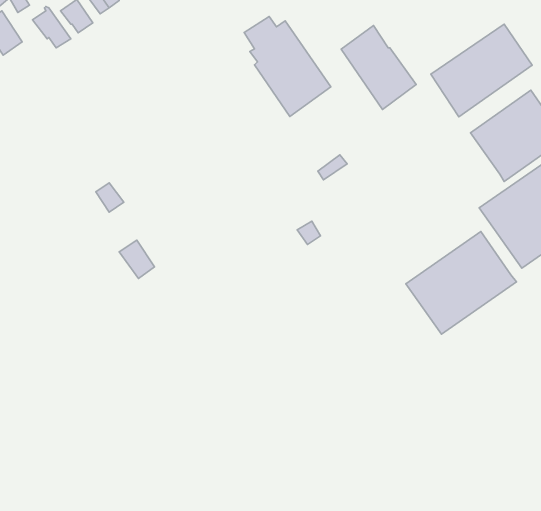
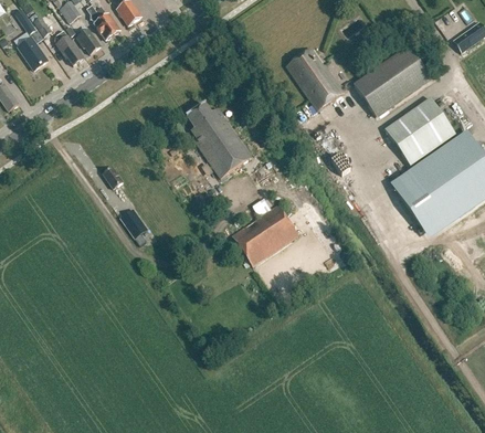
building: [244,16,331,116] -> [187,103,252,178]
building: [406,231,516,334] -> none
building: none -> [232,204,298,265]

